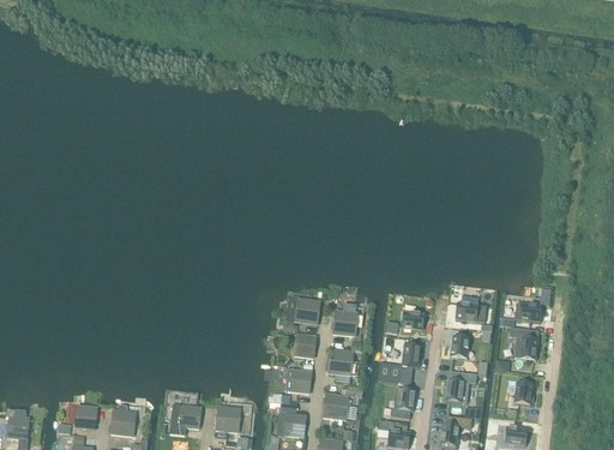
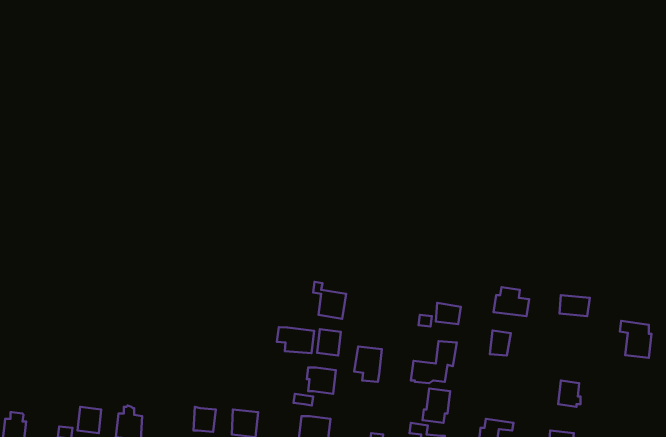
building: [332,302,357,335] -> none
building: [510,326,538,360] -> [620,321,651,358]
building: none -> [277,327,314,353]
building: [445,371,476,403] -> none
building: [323,394,348,419] -> none

